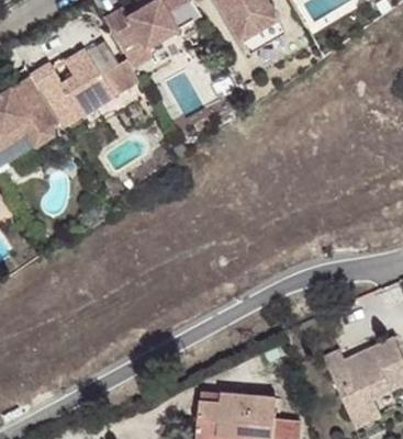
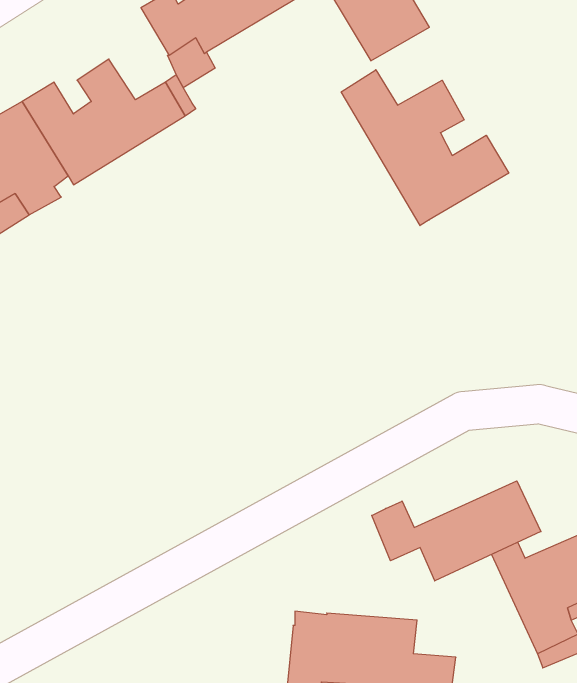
building: none -> [341,70,509,226]
building: none -> [372,481,541,581]

